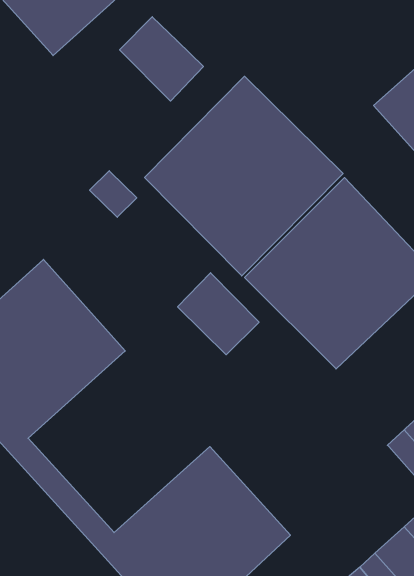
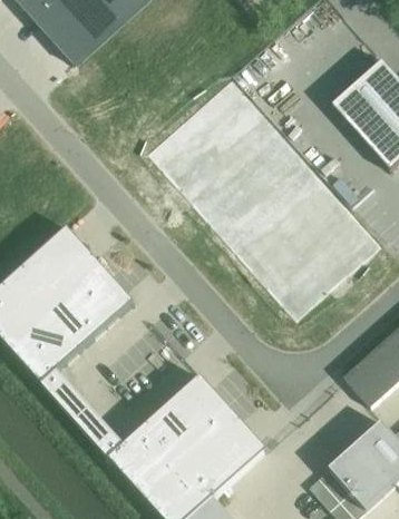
building: [120,17,203,101] -> none
building: [90,171,137,217] -> none
building: [178,273,259,355] -> none

